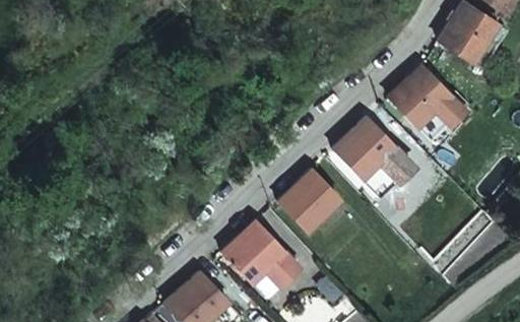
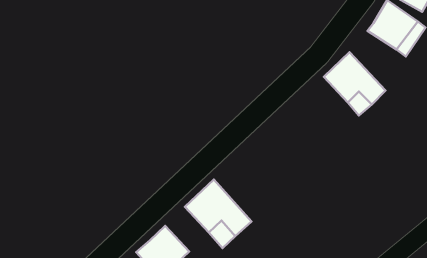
building: [329,113,413,197] -> none
building: [279,165,341,227] -> none

